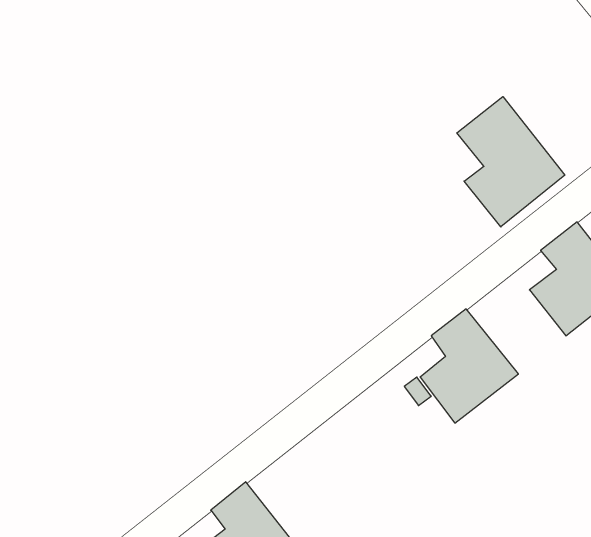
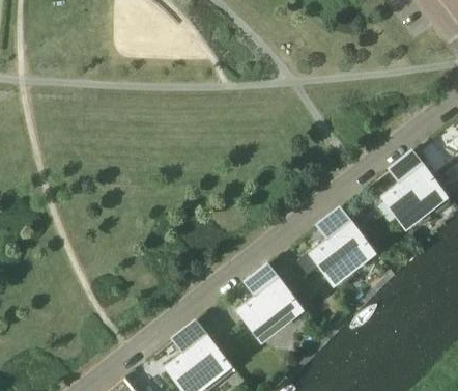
building: [457,97,565,227] -> none
building: none -> [237,264,302,340]

